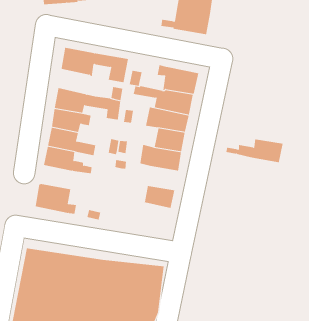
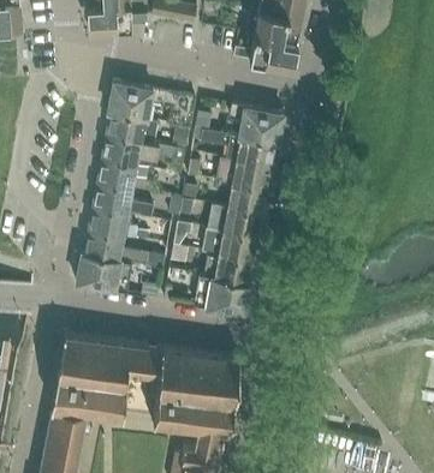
building: none -> [106,110,157,144]
building: [226,139,283,163] -> [185,232,257,262]
building: none -> [84,230,165,268]
building: none -> [195,276,250,313]

